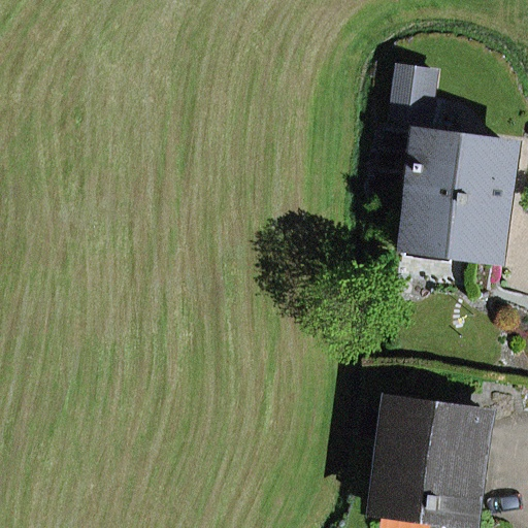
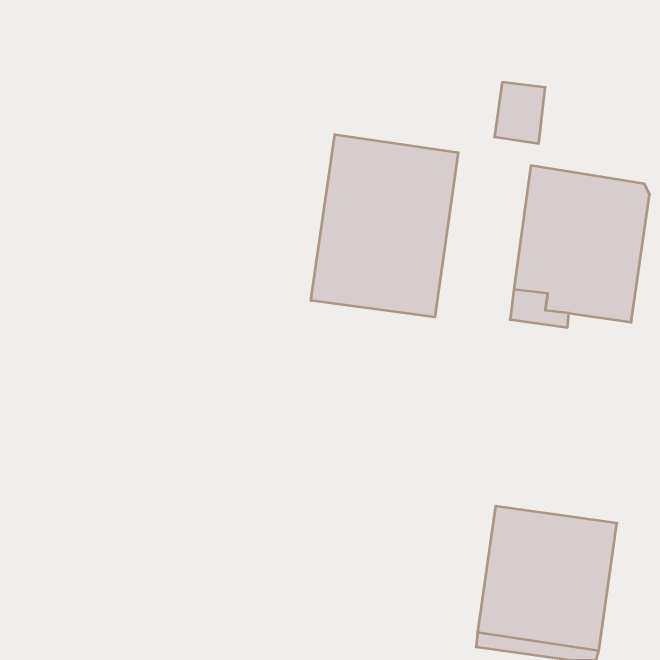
building: none -> [311,134,458,317]

